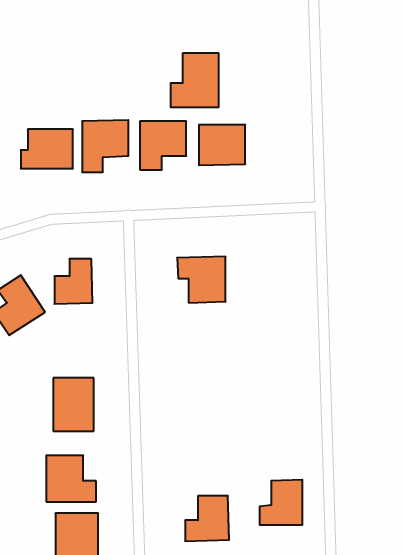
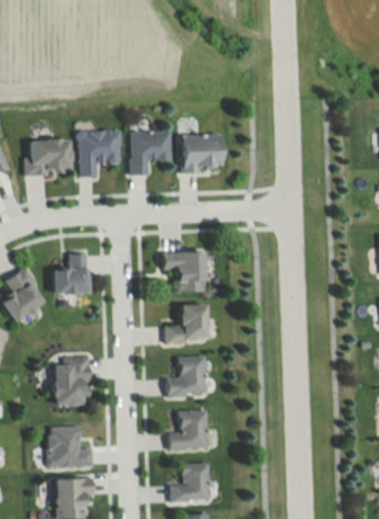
building: [171,53,218,107] -> none
building: none -> [167,303,209,342]
building: none -> [169,357,207,396]
building: [260,480,302,525] -> [171,410,208,450]

